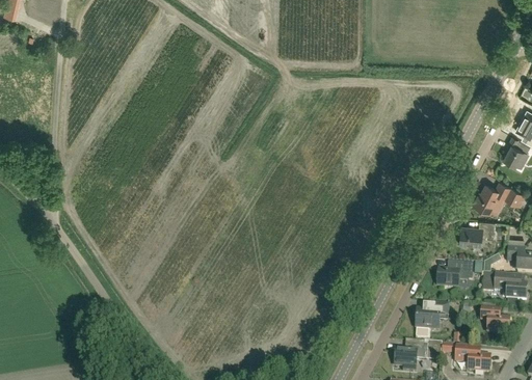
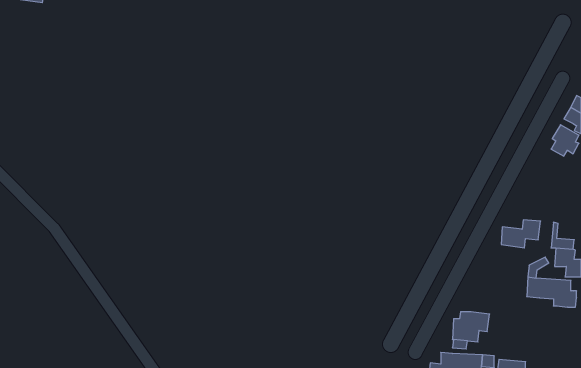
building: [474,183,523,214] -> none
building: [436,263,474,288] -> none
building: [481,309,509,334] -> none

